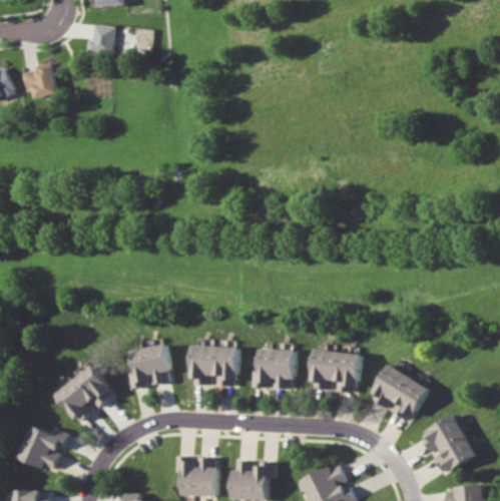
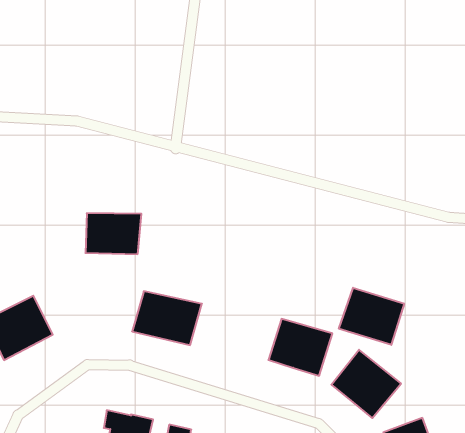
building: none -> [339,288,404,345]
building: [122,346,173,389] -> [85,213,141,254]
building: [253,347,296,388] -> none

